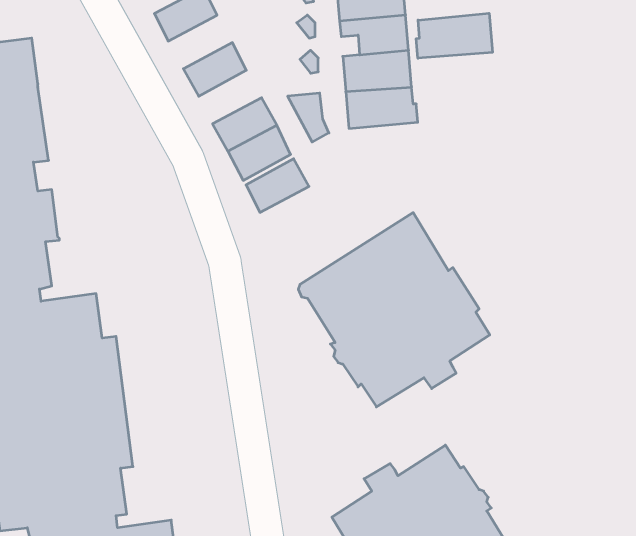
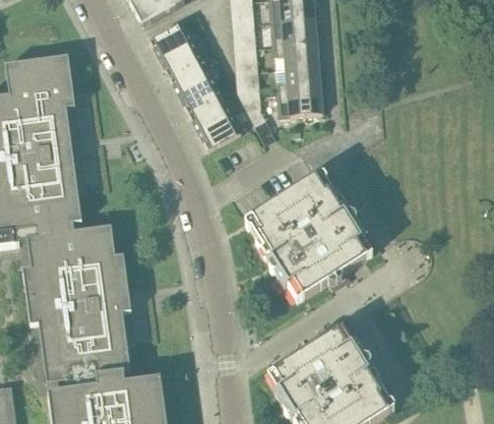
building: [416,13,492,58] -> none
building: none -> [159,38,201,73]
building: [246,159,309,212] -> [179,74,221,110]

